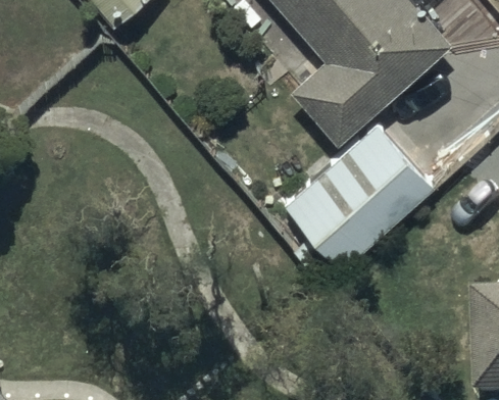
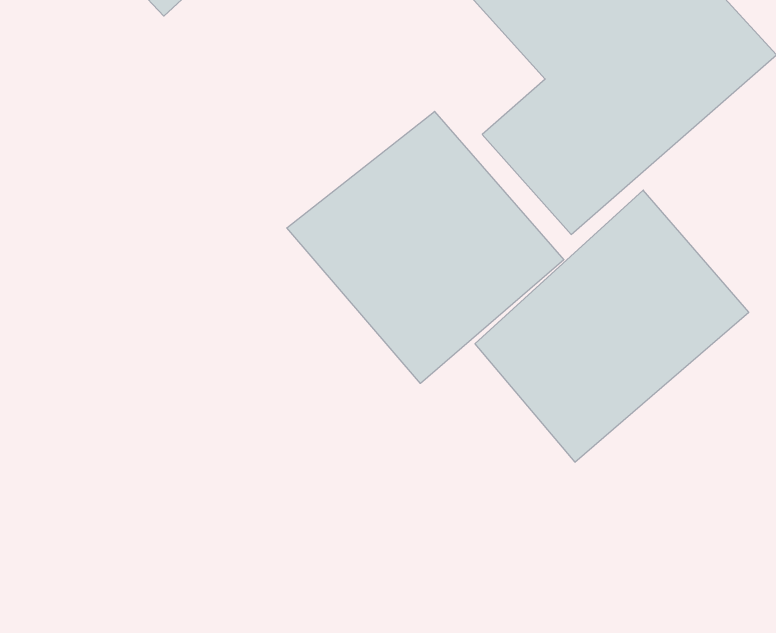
building: none -> [287,111,564,383]

